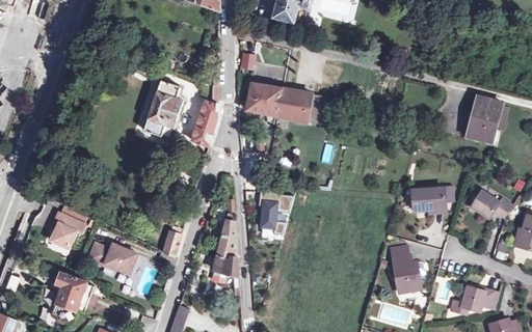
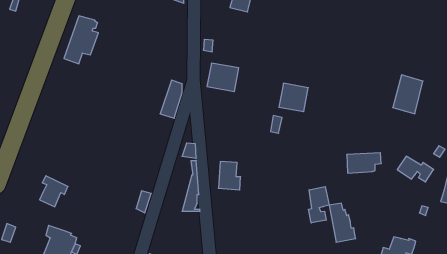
building: [141,81,182,137] -> [64,16,98,64]
building: [277,87,312,120] -> [279,83,308,112]
building: none -> [309,187,329,223]
building: [86,244,135,274] -> none
building: [212,255,238,276] -> none

